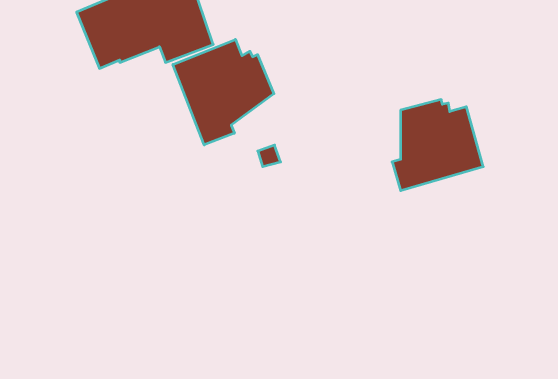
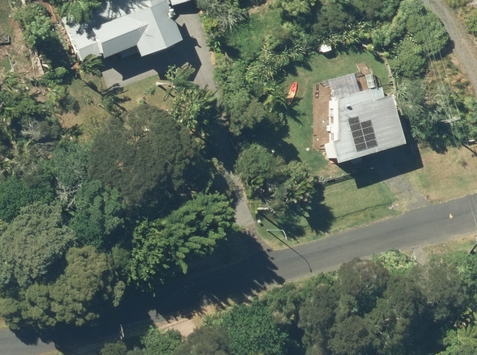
building: [173,39,274,145] -> none

